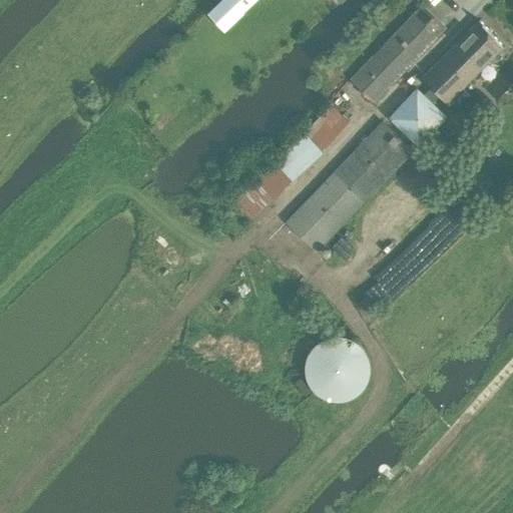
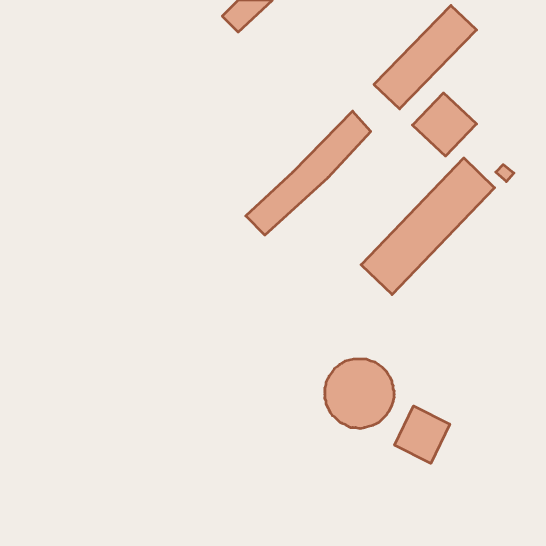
building: [422,20,503,107] -> none
building: [287,122,412,250] -> [361,158,495,295]
building: none -> [395,406,450,463]

